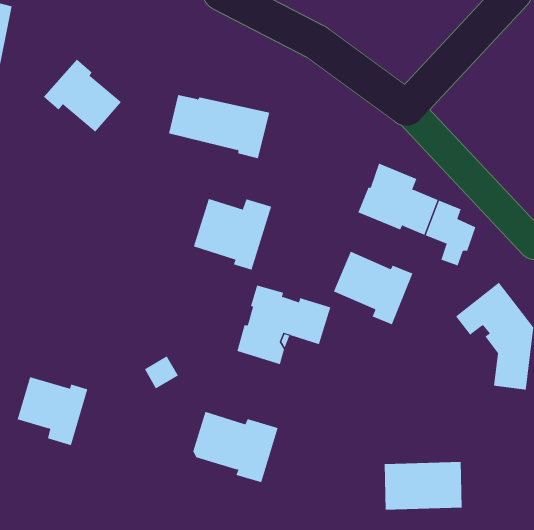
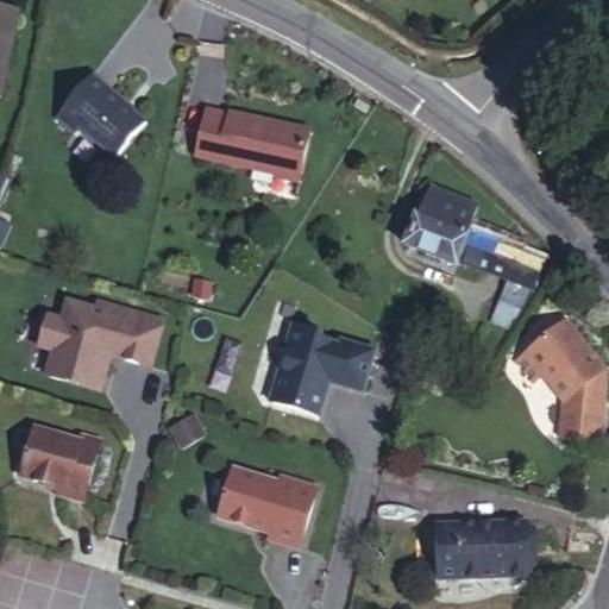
building: [193,198,272,271] -> none
building: [333,251,413,325] -> none
building: none -> [39,302,163,387]

